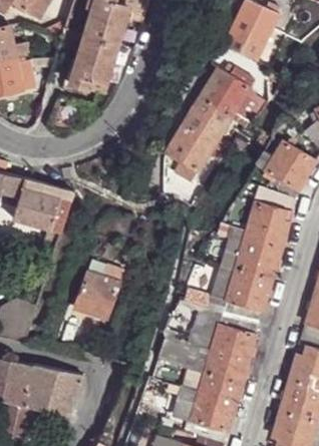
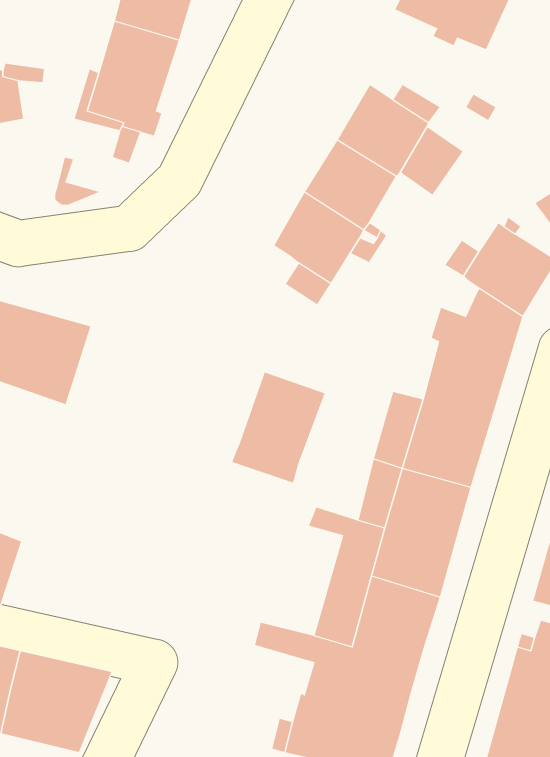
building: [74,261,123,319] -> [232,372,326,483]

